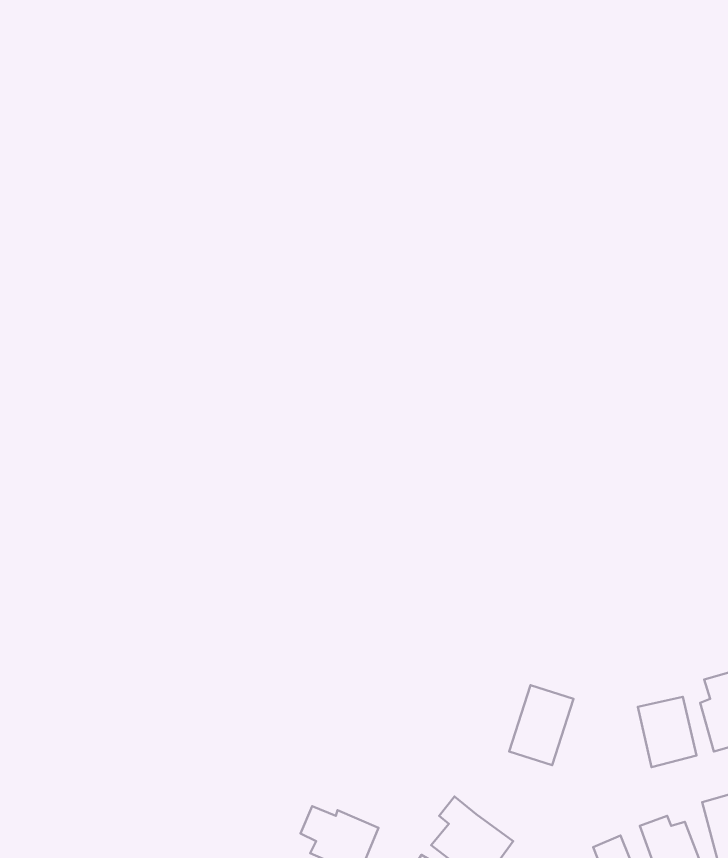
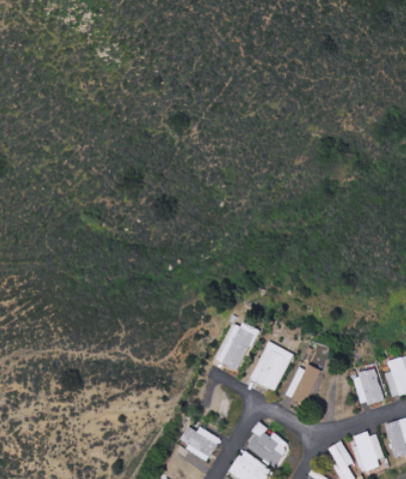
building: none -> [217,321,256,370]
building: none -> [250,341,294,391]

